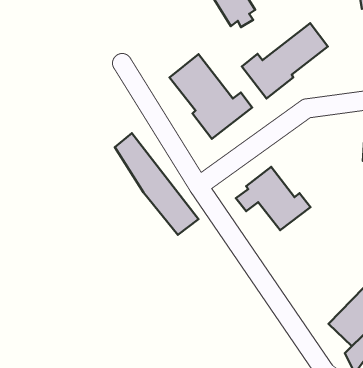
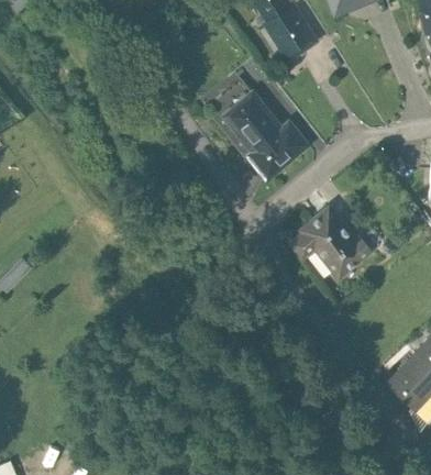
building: [242,23,328,98] -> none
building: [115,133,199,235] -> none

